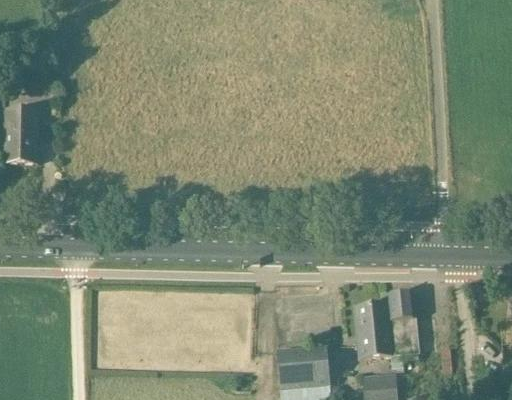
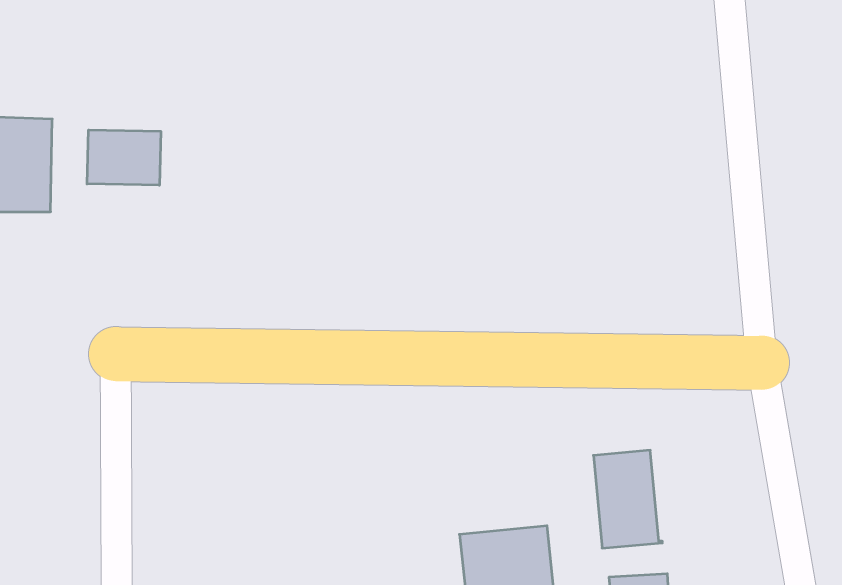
building: none -> [87,130,161,185]
building: [386,291,419,354] -> none

